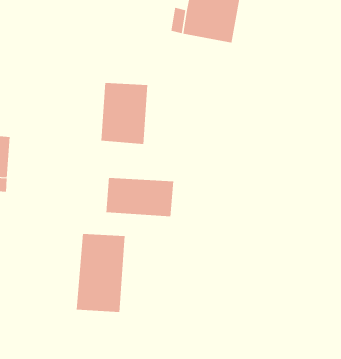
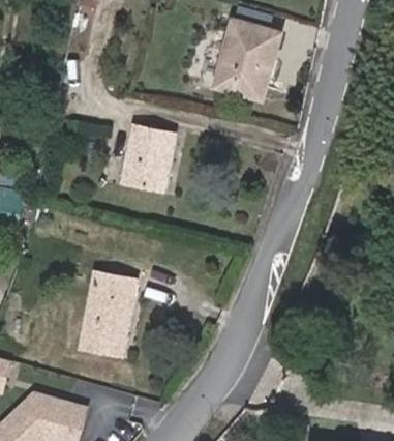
building: [106,177,174,217] -> none

